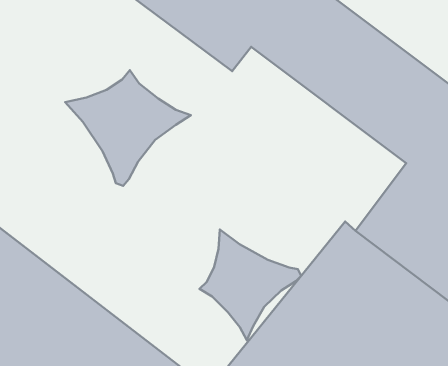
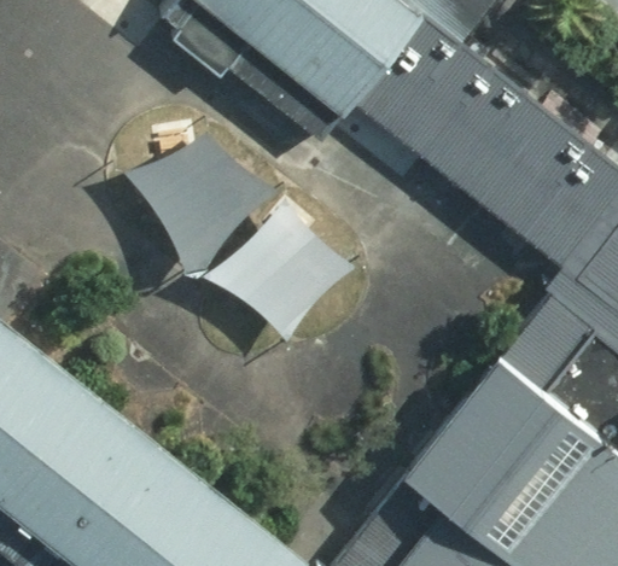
building: none -> [204,209,363,355]
building: [199,230,301,340] -> none

